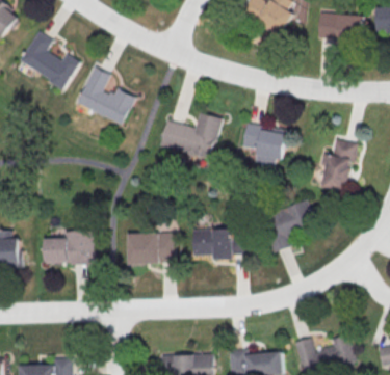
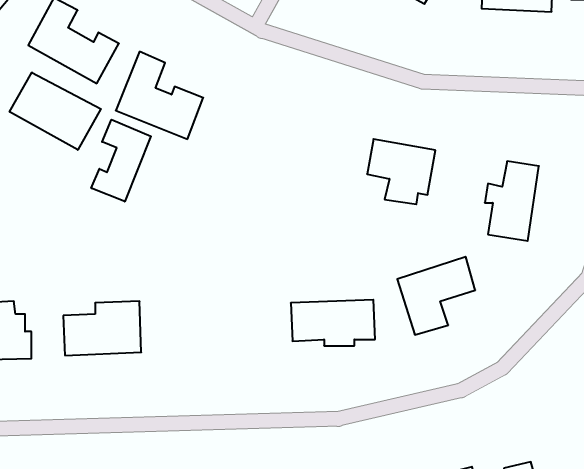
building: none -> [10,72,101,150]
building: none -> [91,120,151,202]
building: [160,112,222,167] -> none
building: [128,233,176,264] -> none

